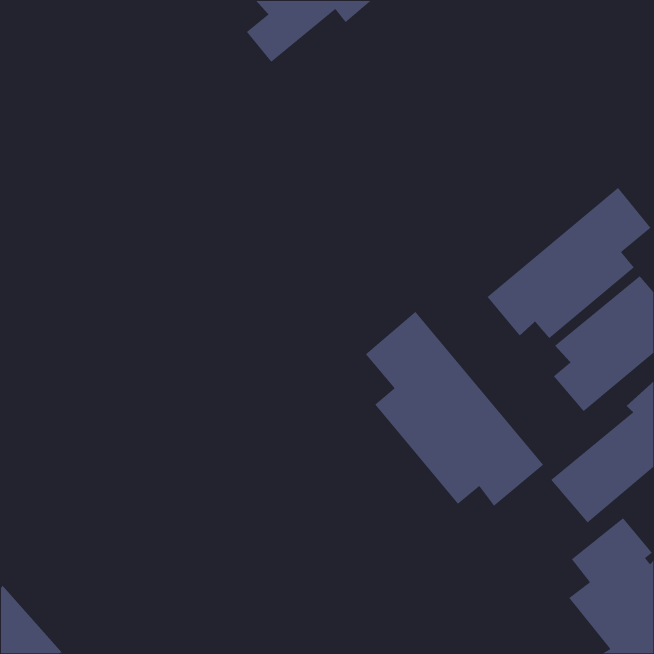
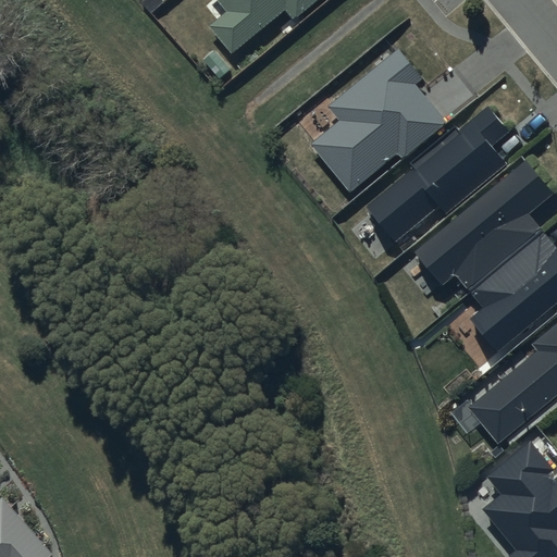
building: none -> [312,50,447,190]
building: none -> [369,106,511,239]
building: [365,311,544,507] -> none

